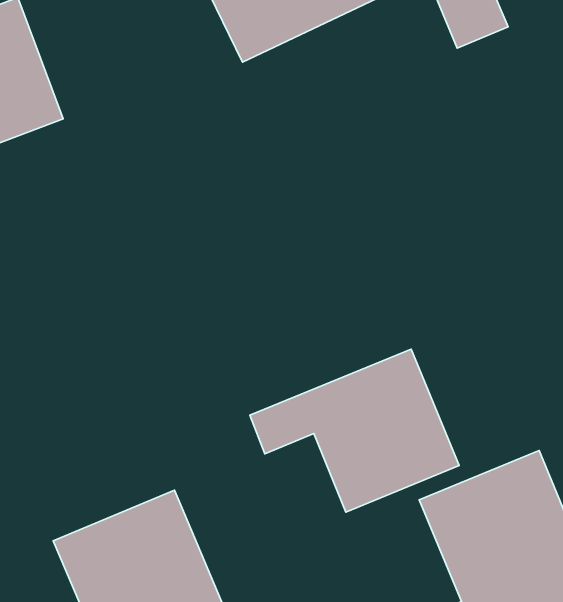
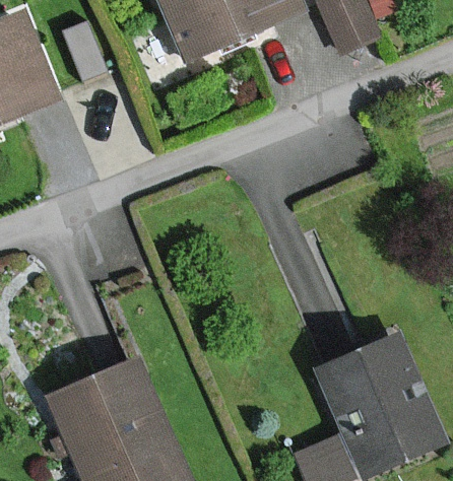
building: [250,349,459,512] -> none

